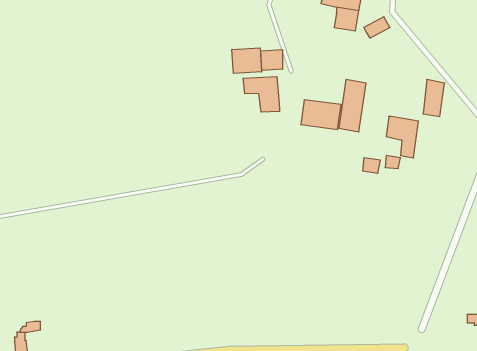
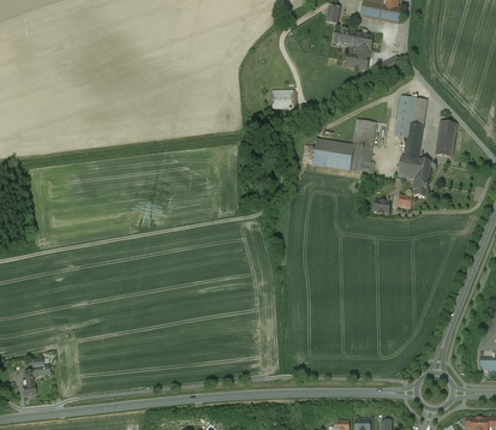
building: [232,48,262,73] -> none
building: none -> [395,90,429,159]
building: [243,77,280,112] -> none

